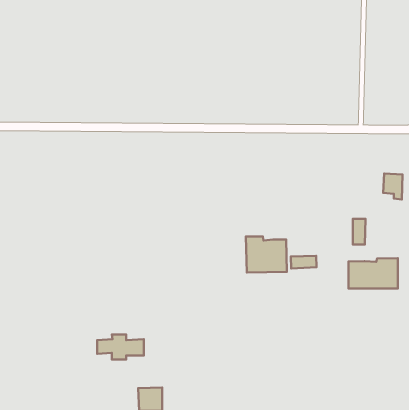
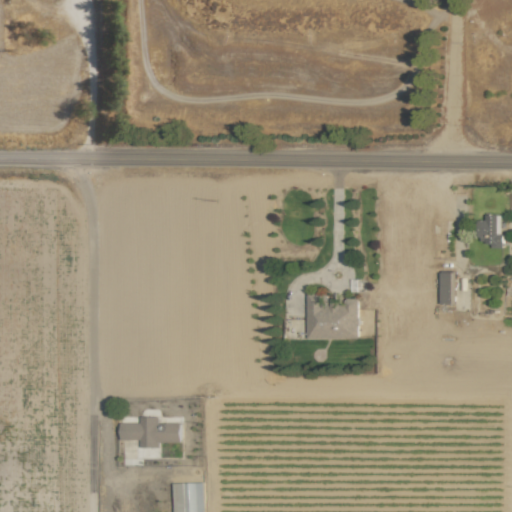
building: [291,256,316,268] -> none
building: [348,258,398,288] -> none

